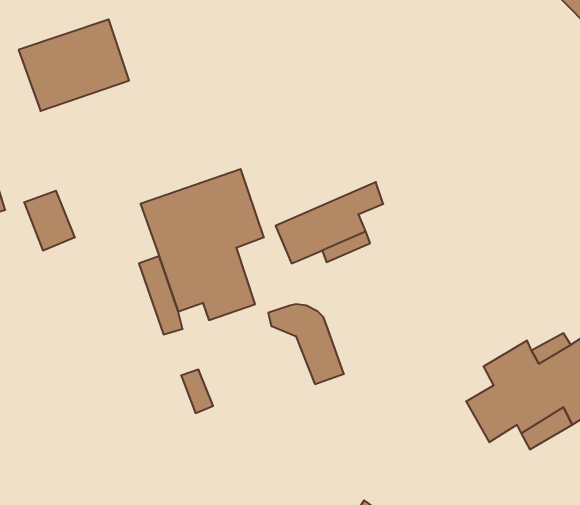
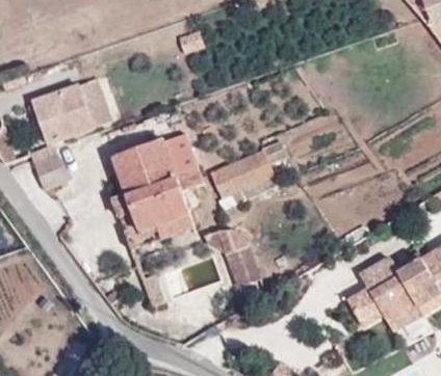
building: [19,19,129,111] -> [32,78,111,143]

